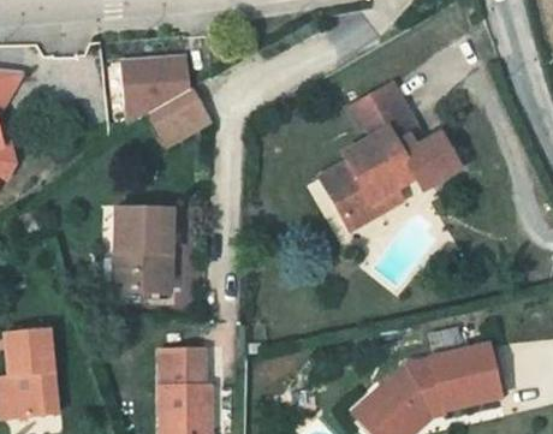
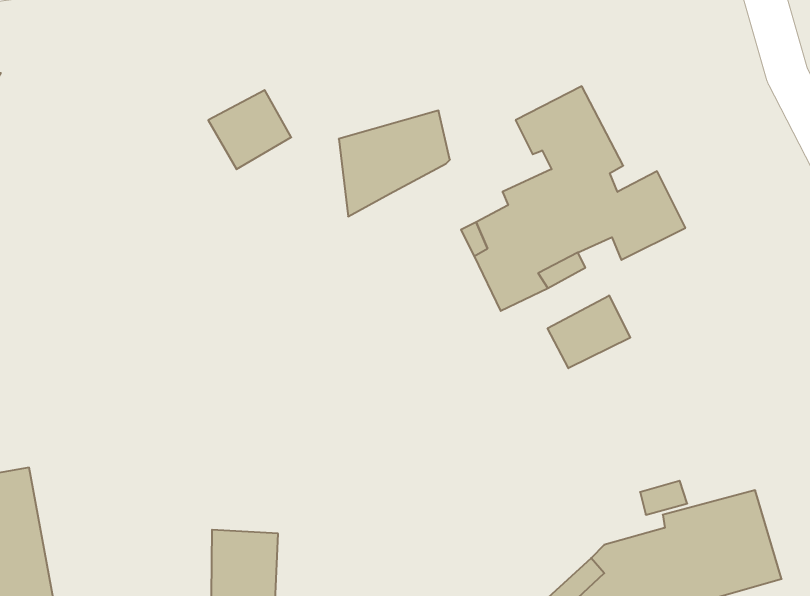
building: [124,50,195,118] -> [339,111,450,216]
building: [108,202,171,289] -> none
building: none -> [548,295,630,368]

